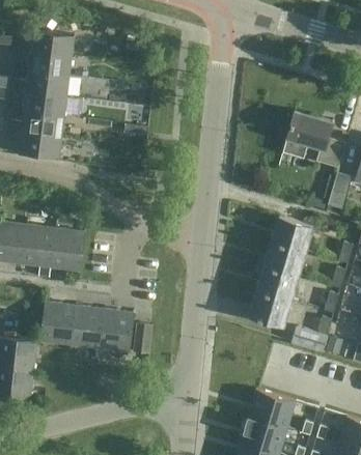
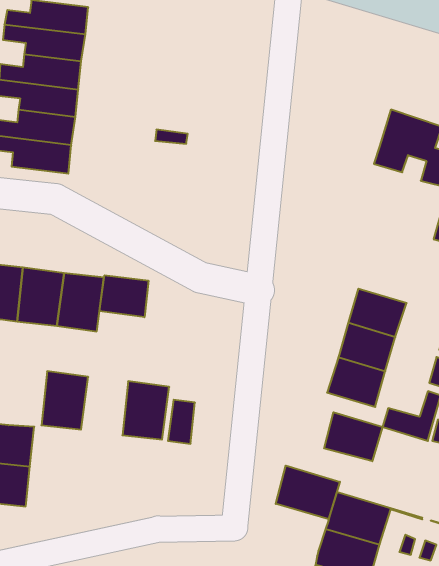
building: [272,216,314,251] -> none
building: none -> [99,275,148,317]
building: [70,305,104,347] -> none
building: none -> [324,412,382,461]
building: none -> [276,466,340,519]

